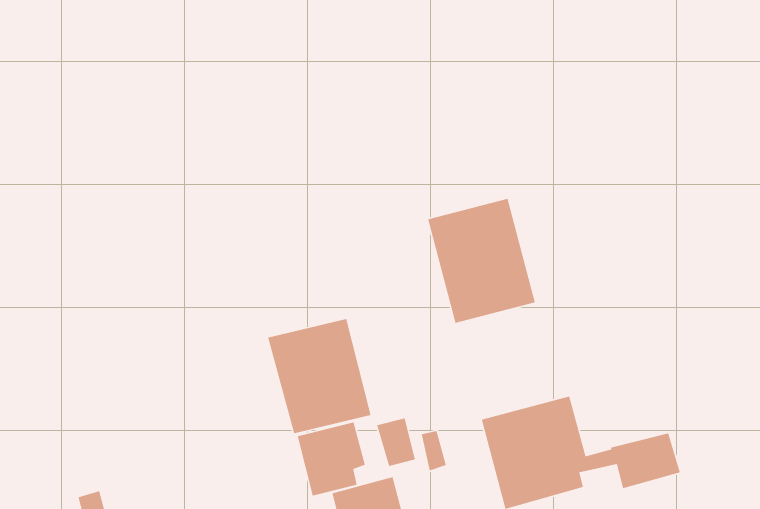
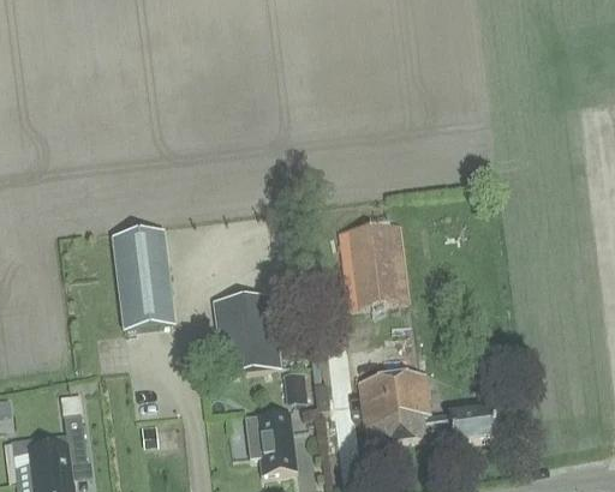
building: none -> [113,227,174,328]
building: [297,422,366,496] -> none

